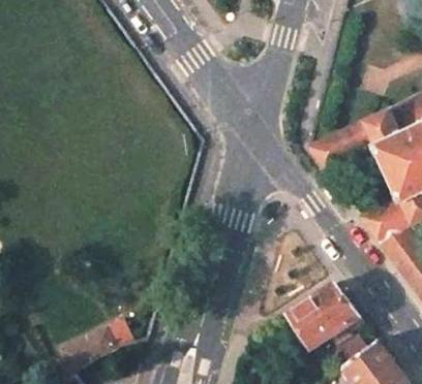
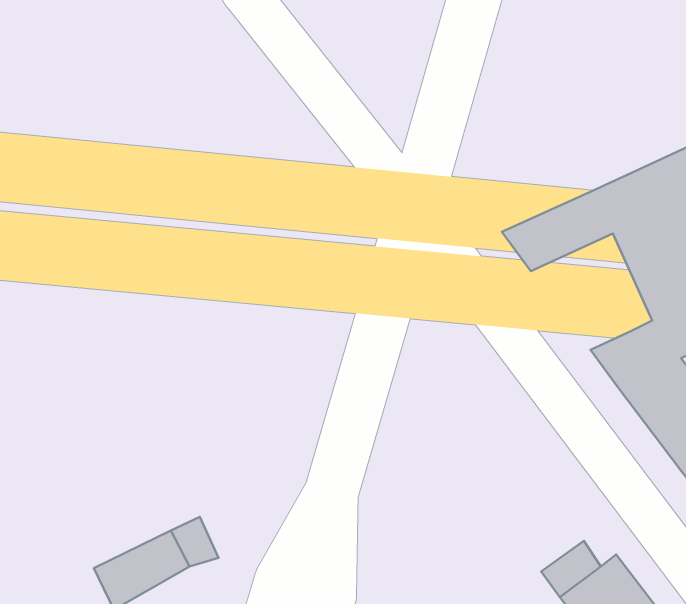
building: [287,285,361,350] -> none

